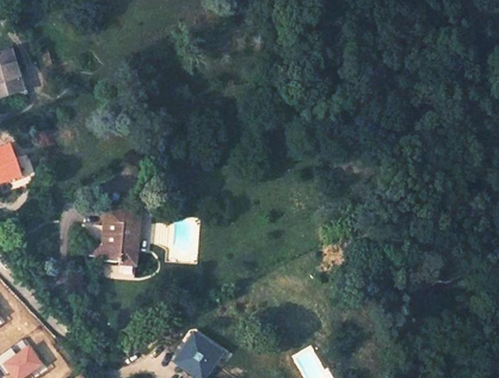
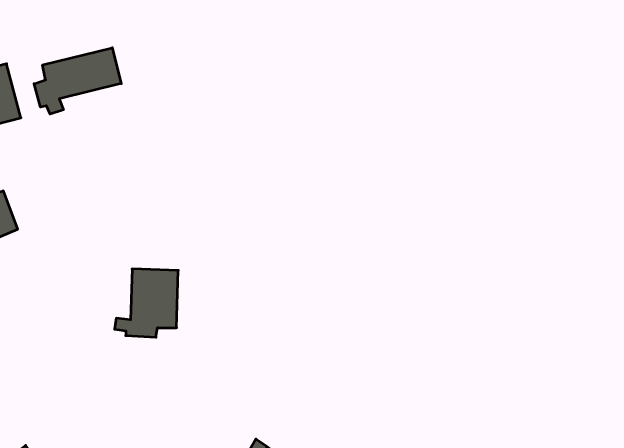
building: none -> [34,48,121,114]

